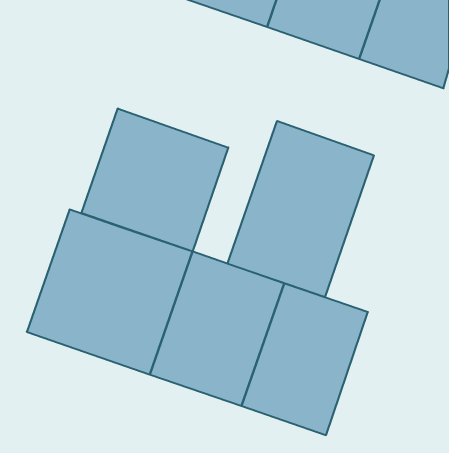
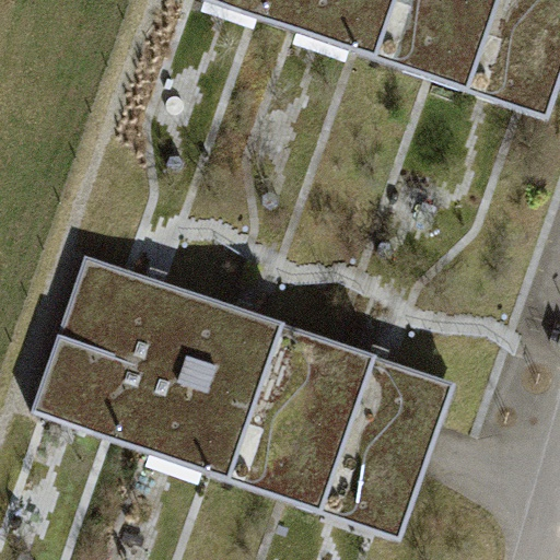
building: [82,108,228,251] -> none
building: [228,121,374,297] -> none

